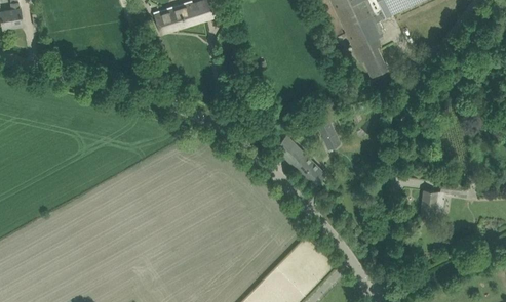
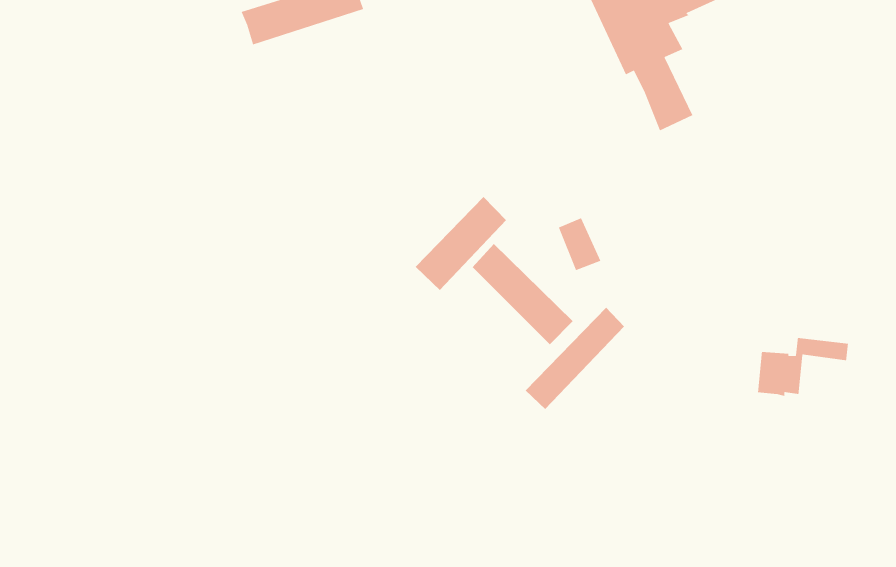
building: none -> [415,196,507,291]
building: none -> [525,307,625,410]

